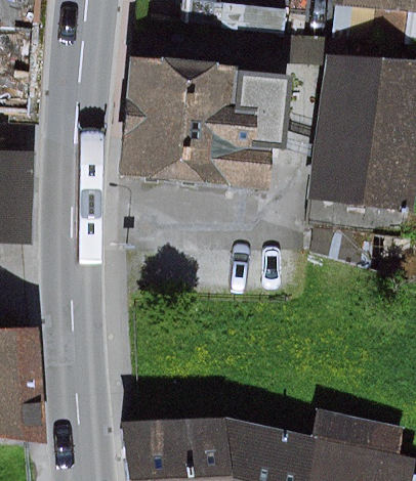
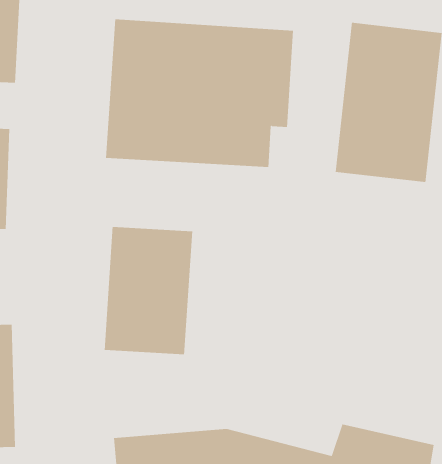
building: none -> [104,226,193,355]

